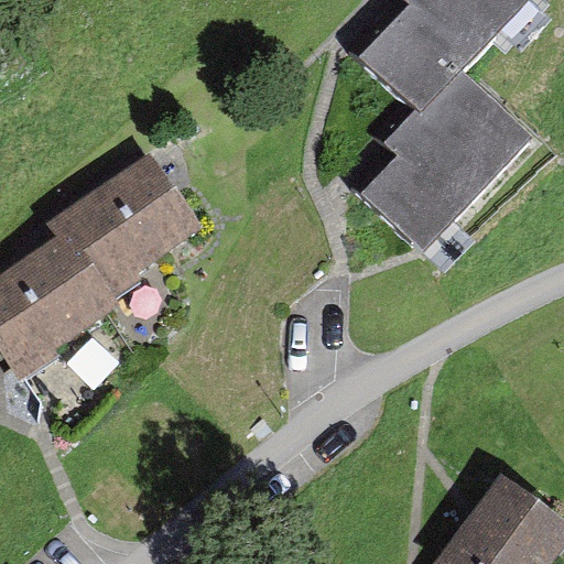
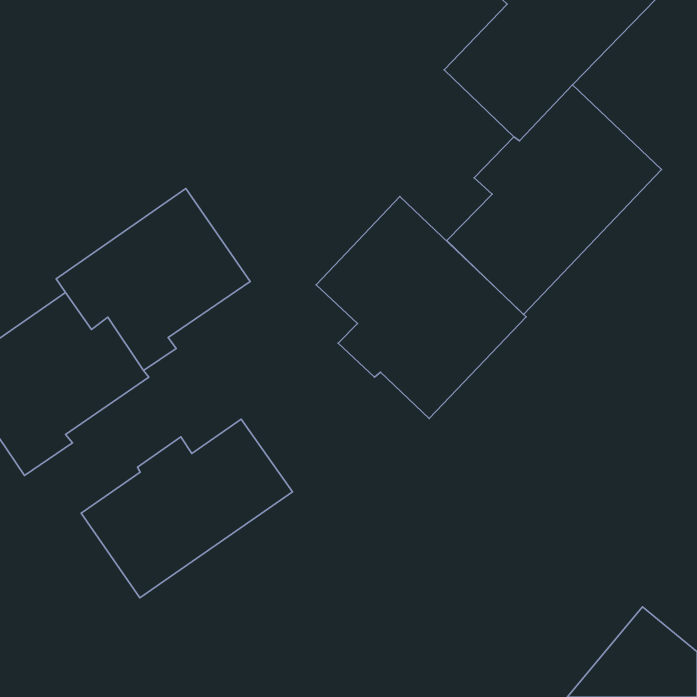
building: none -> [316,196,526,419]
building: none -> [81,419,292,598]

